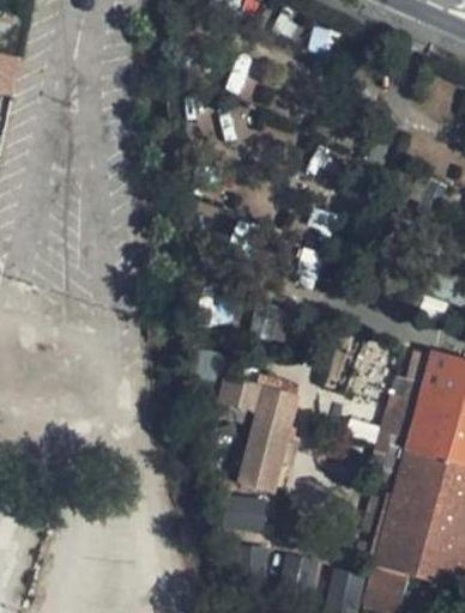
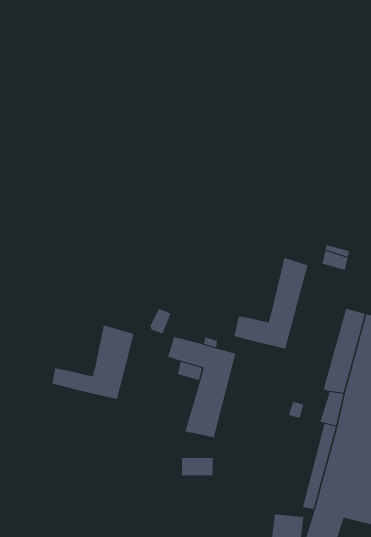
building: none -> [234,257,308,349]
building: none -> [52,325,134,400]

